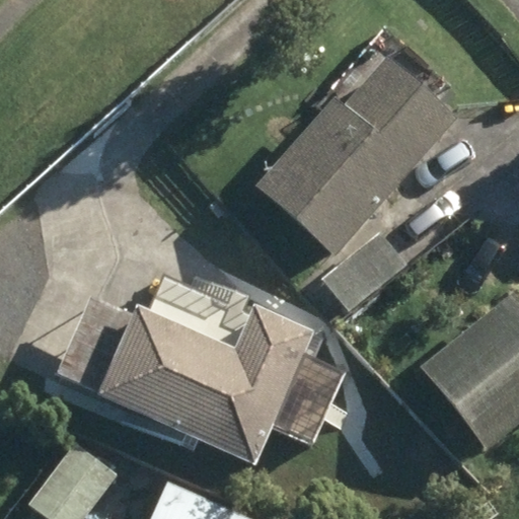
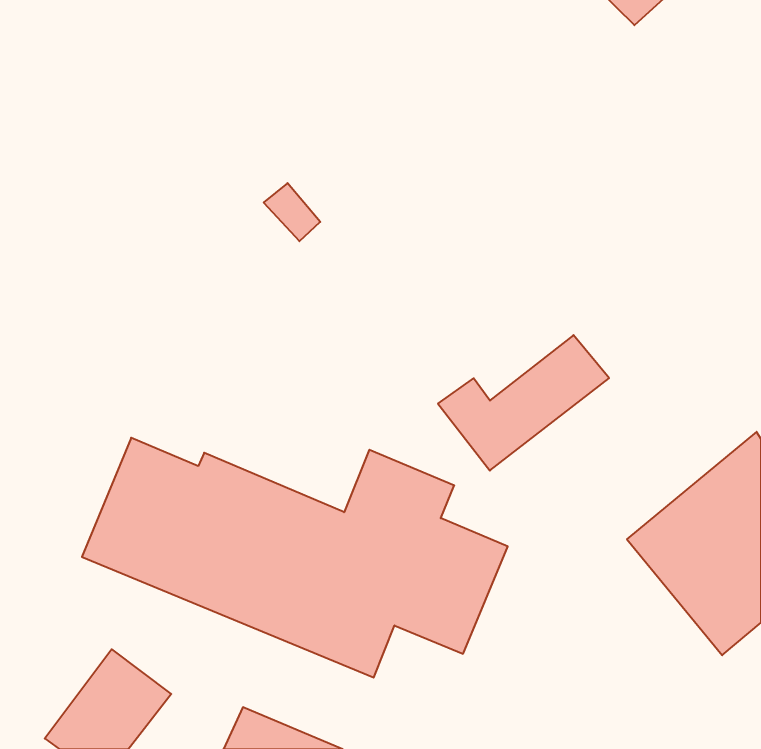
building: [260,56,457,251] -> none

